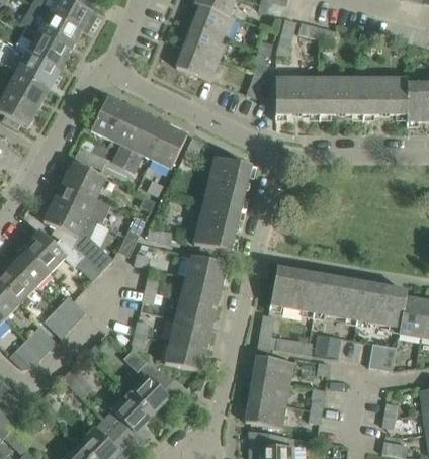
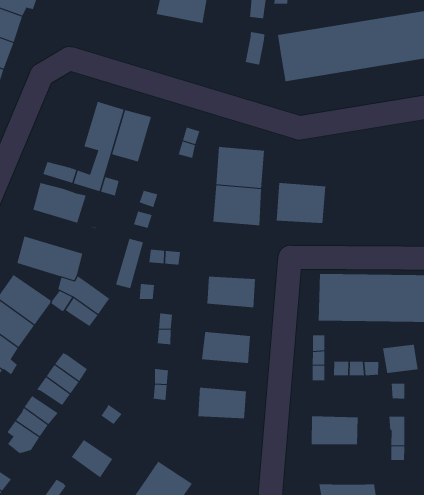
building: [176,45,219,79] -> none
building: [90,96,126,139] -> none
building: [151,124,186,168] -> none
building: [53,181,110,223] -> none
building: [193,213,237,251] -> [276,182,326,223]
building: [180,276,222,306] -> none
building: [169,318,210,349] -> none
building: [252,355,292,383] -> none
building: [127,360,189,414] -> none
building: [245,398,284,427] -> none

